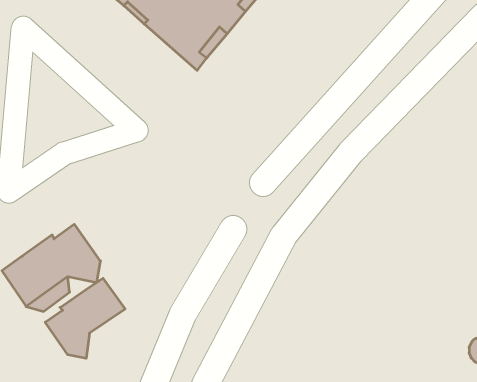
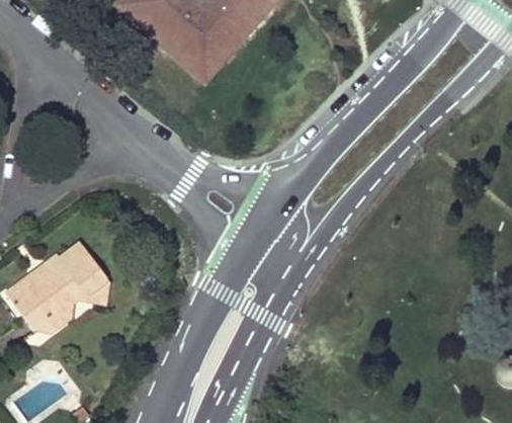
building: [45,278,125,358] -> none

